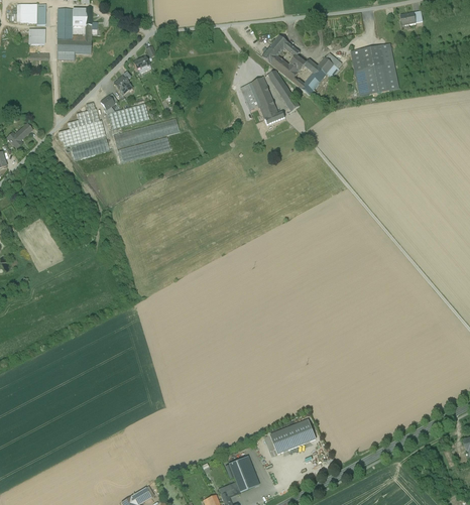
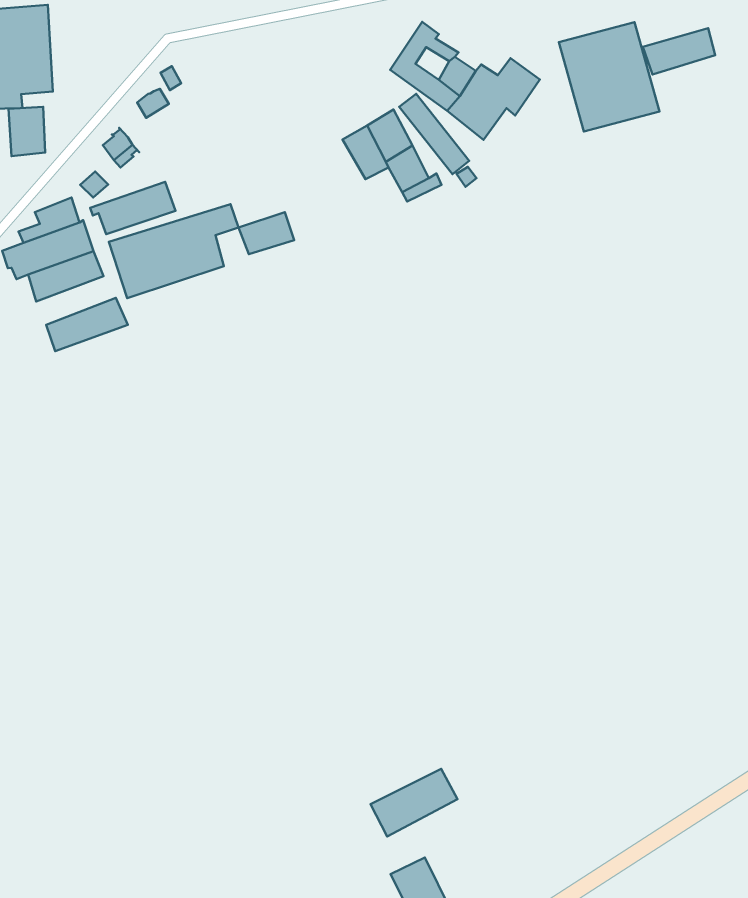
building: none -> [643,28,715,74]
building: none -> [9,107,45,156]
building: none -> [238,212,294,254]
building: none -> [46,298,128,351]
building: [271,420,316,453] -> [370,769,457,837]

